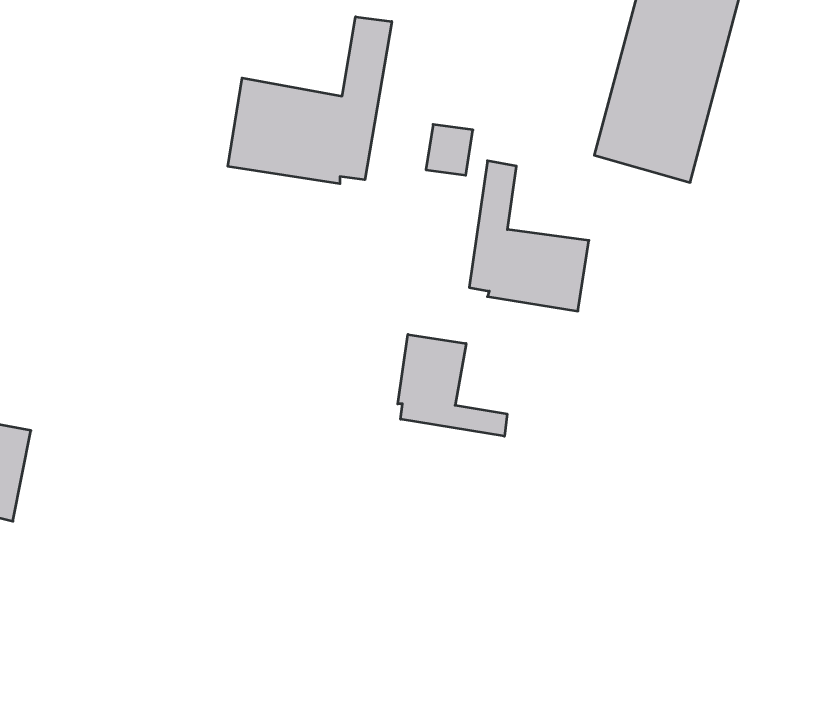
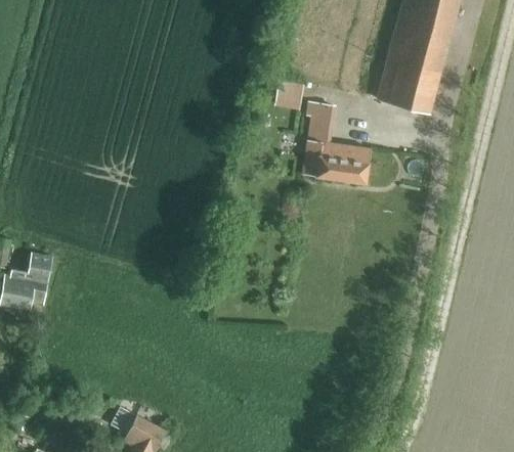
building: [228,17,392,184] -> none
building: [398,334,507,436] -> none

